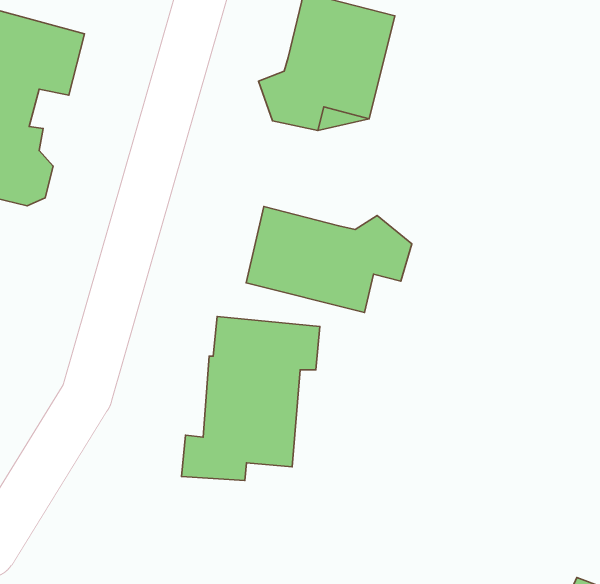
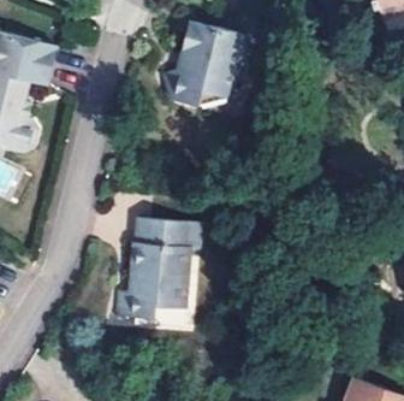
building: [246,207,412,312] -> none

